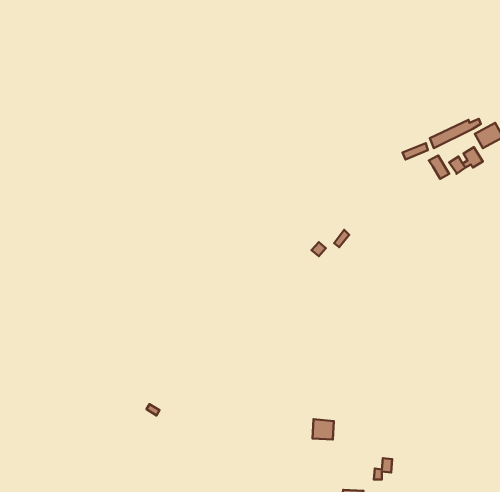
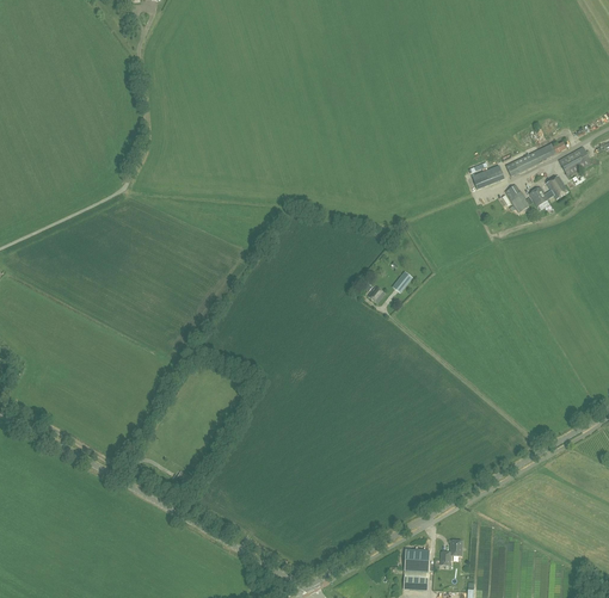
building: [313,419,334,440] -> [404,548,429,572]

